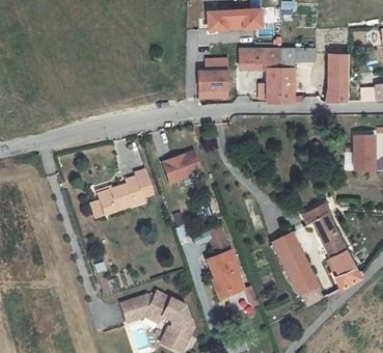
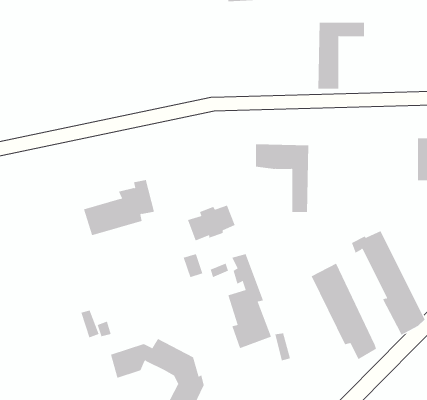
building: [238,46,279,99] -> [255,144,309,213]
building: [326,51,350,99] -> none
building: [198,58,228,98] -> none
building: [164,154,201,182] -> [187,205,236,241]

